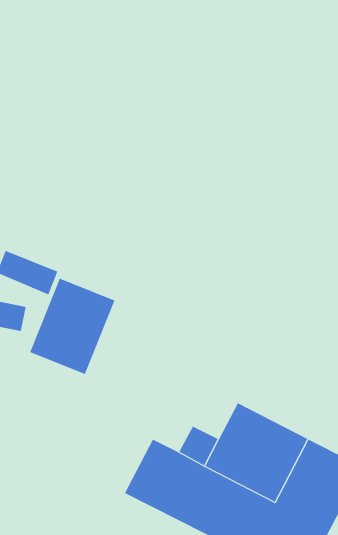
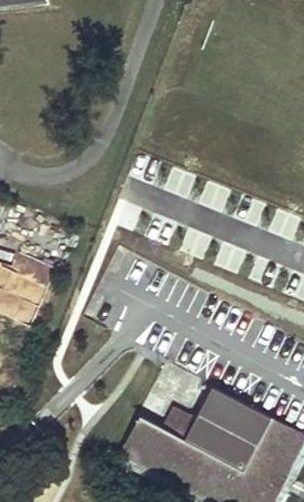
building: [29,278,115,375] -> none

